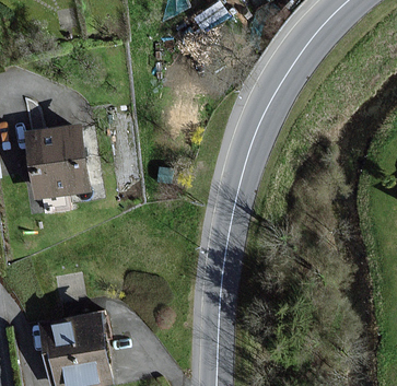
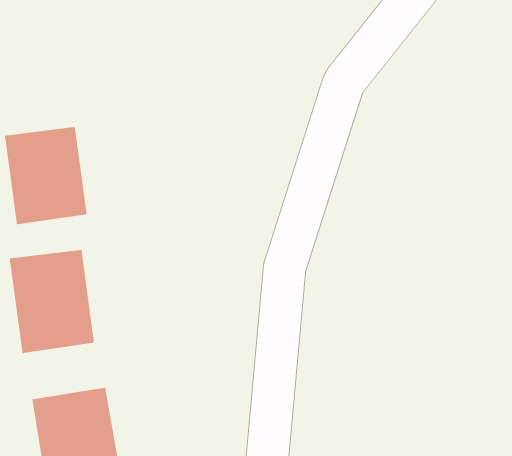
building: none -> [9,249,95,354]

